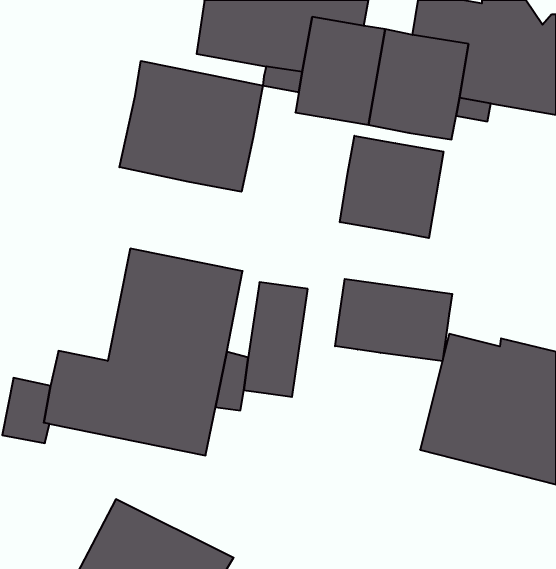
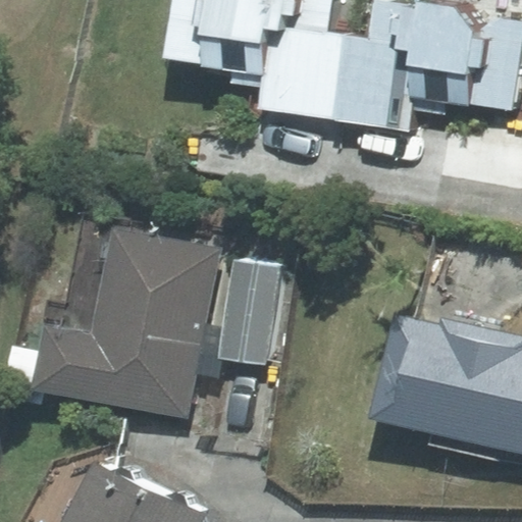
building: [119,61,263,192] -> none
building: [340,136,443,238] -> none
building: [335,279,452,361] -> none

